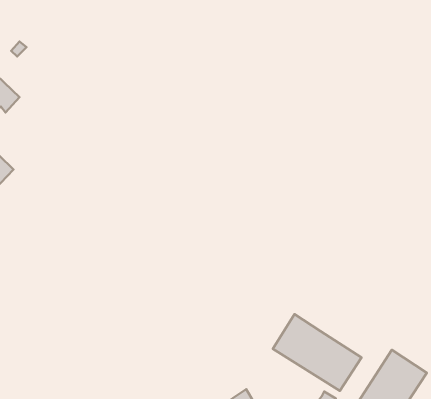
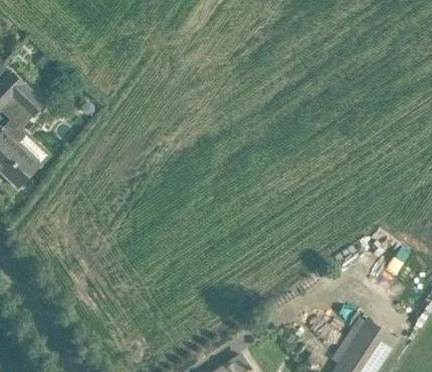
building: [273,314,362,391] -> none

